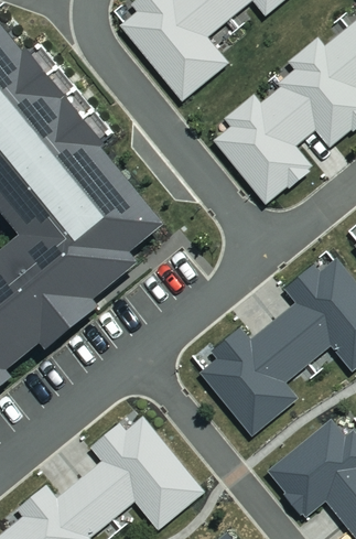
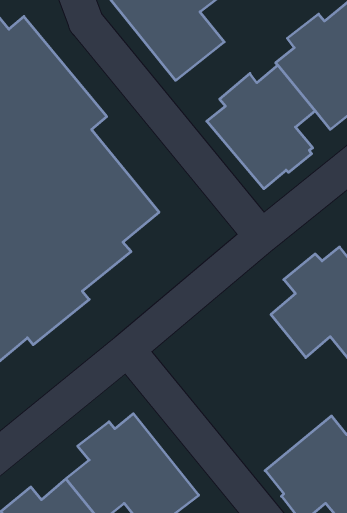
building: [197,323,305,438] -> none

